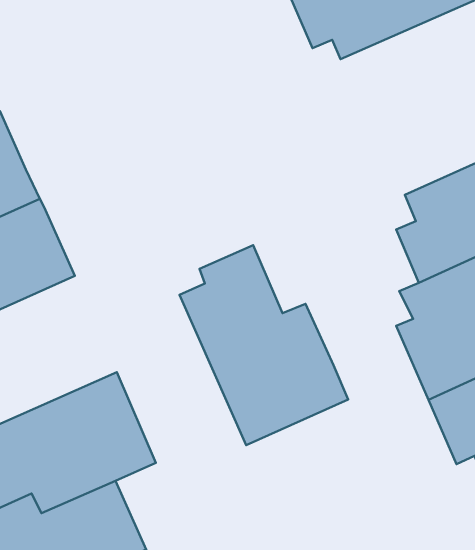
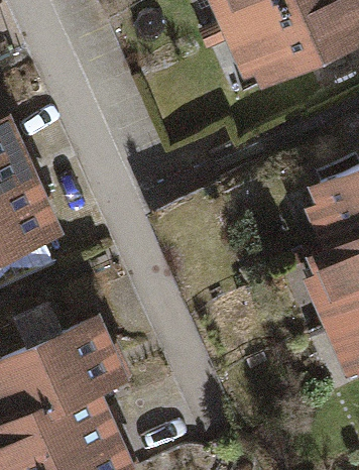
building: [180,245,348,445] -> none

